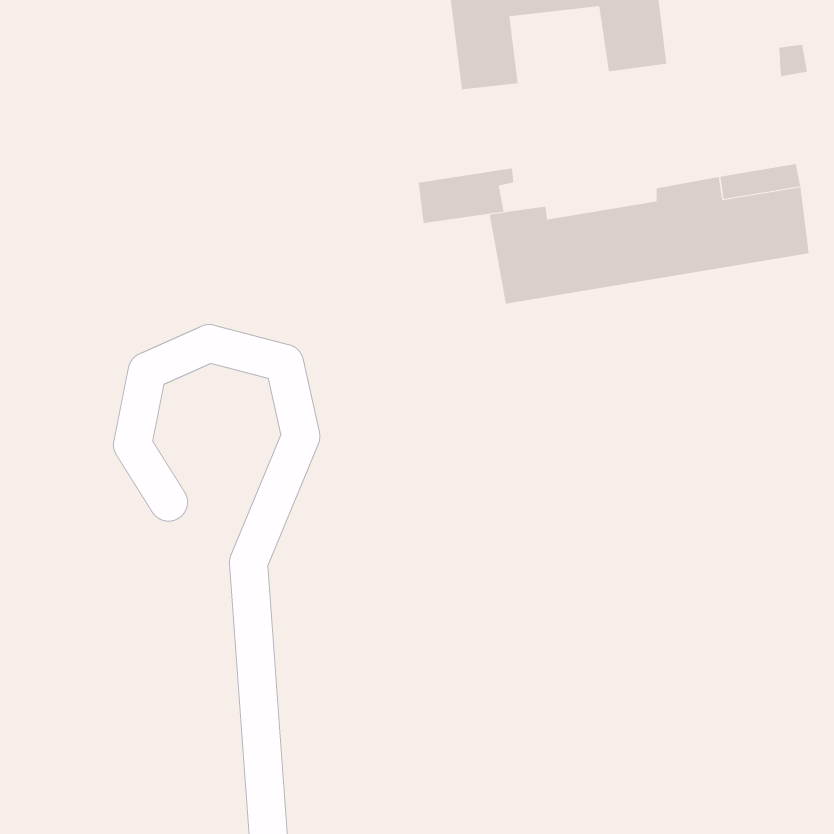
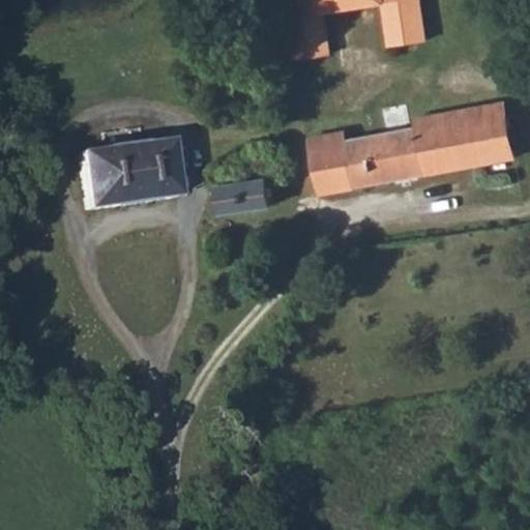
building: [418,168,514,223] -> [219,175,281,210]
building: none -> [78,141,173,206]

